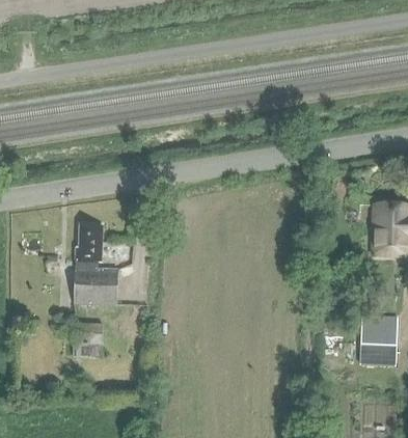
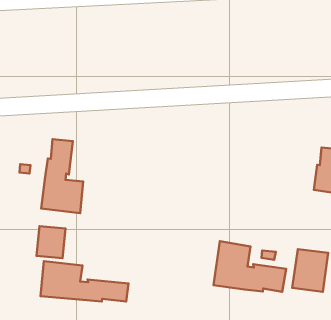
building: none -> [214,241,286,292]
building: none -> [40,261,128,302]

